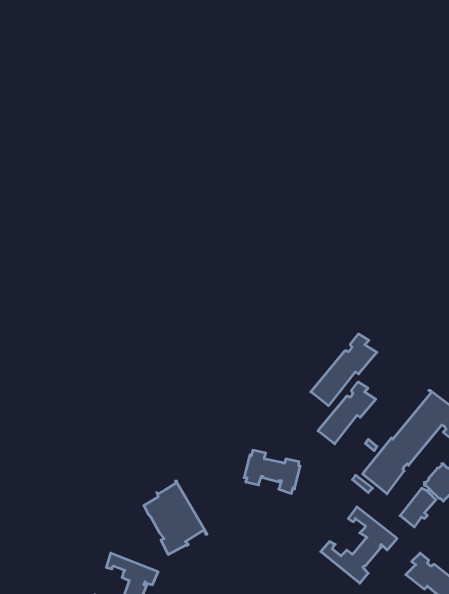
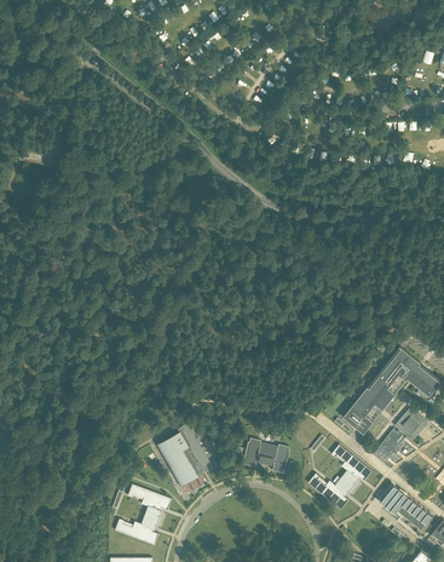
building: [311,334,377,406] -> none
building: [318,382,376,444] -> none
building: [244,450,300,493] -> [242,437,289,474]

